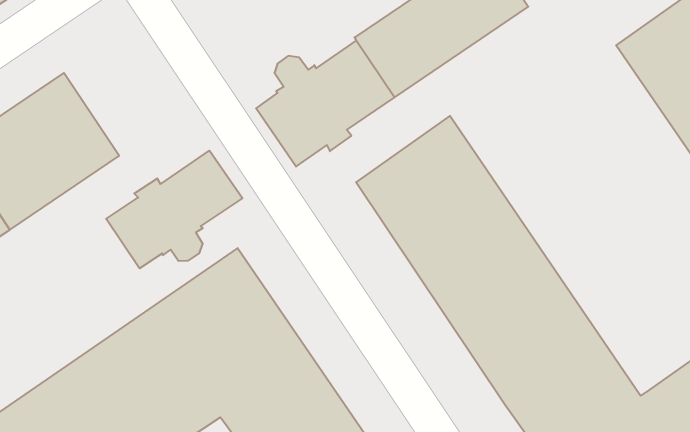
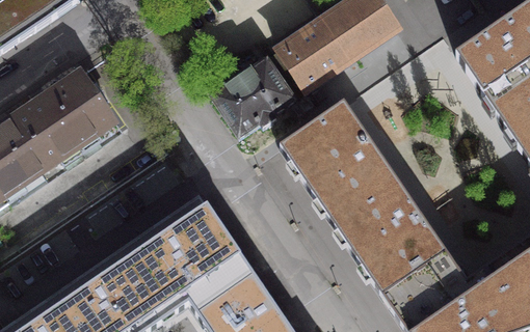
building: [106,151,242,268] -> none

